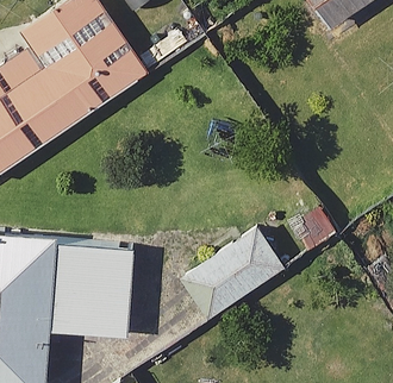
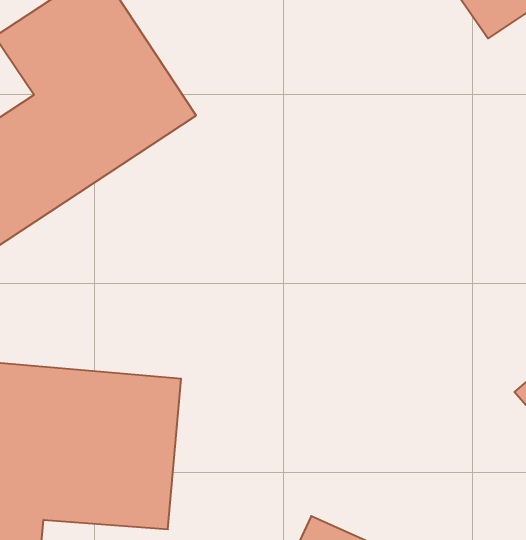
building: [182,225,287,316] -> none

